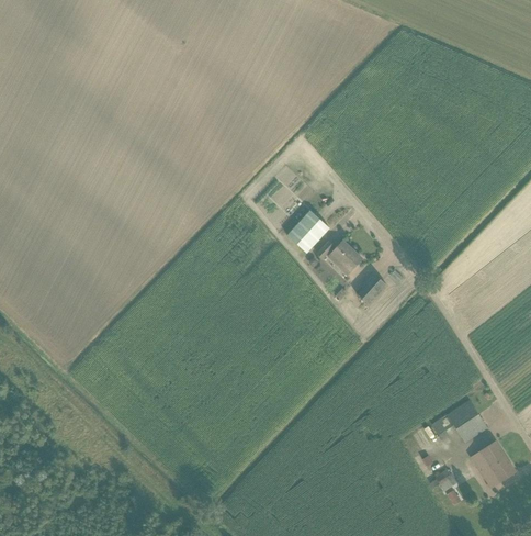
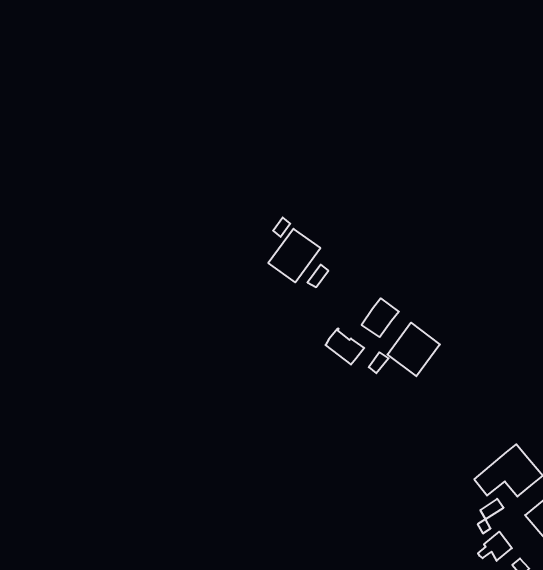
building: [331,241,362,270] -> [325,329,364,365]
building: none -> [387,323,440,376]

